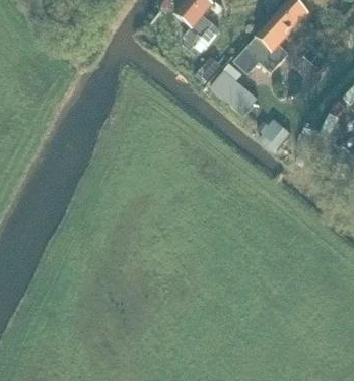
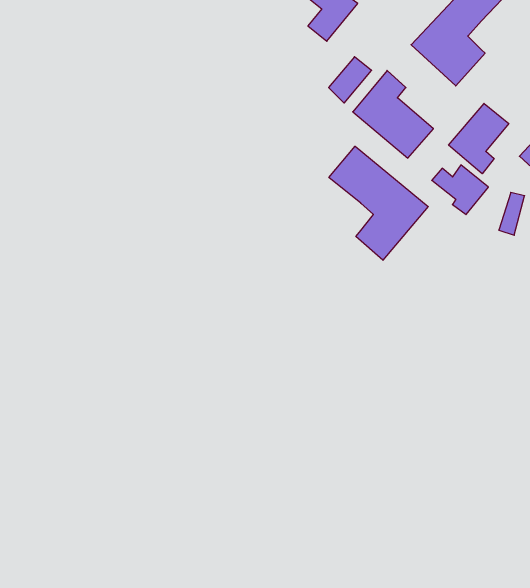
building: none -> [449,103,509,174]
building: none -> [329,146,428,260]

